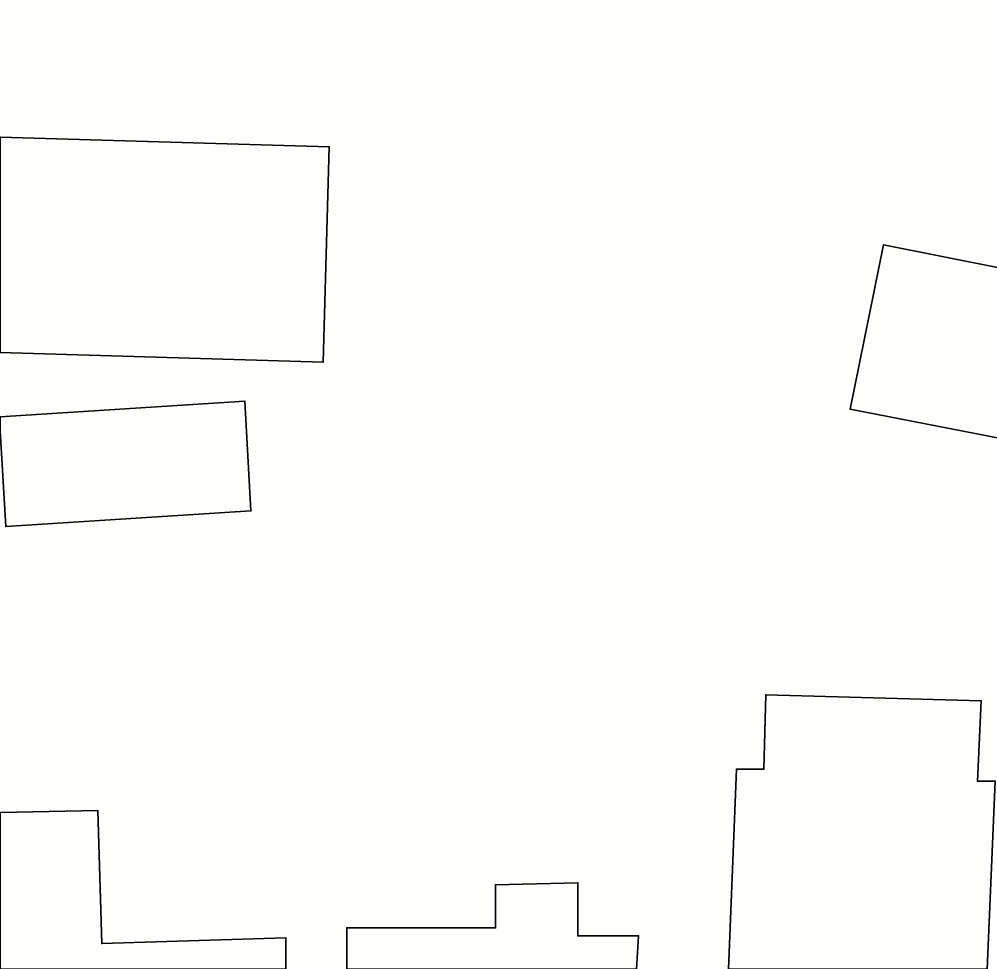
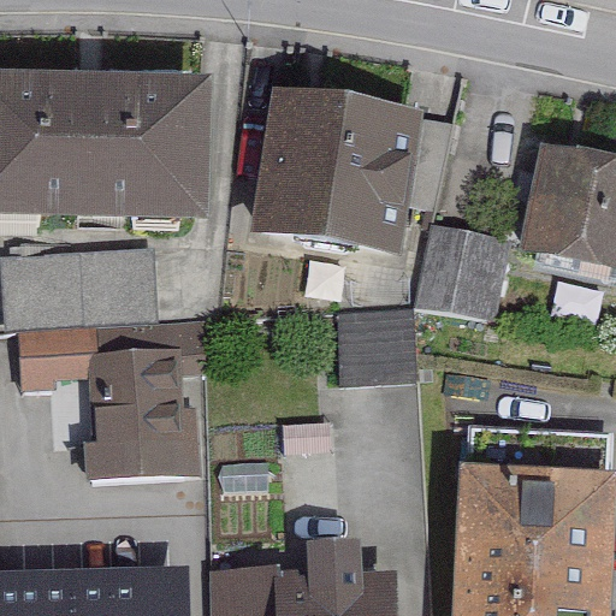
building: none -> [253,99,415,254]
building: none -> [420,224,505,319]
building: none -> [337,308,414,381]
building: none -> [22,332,195,473]

